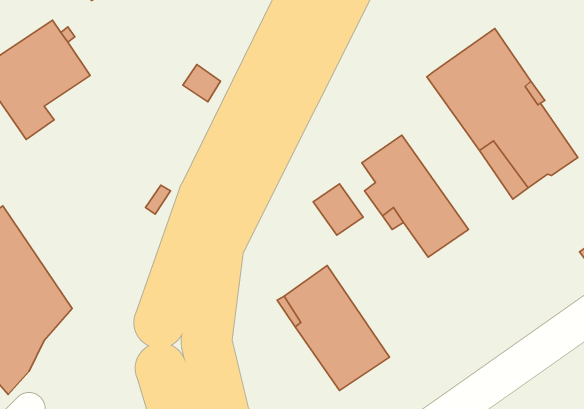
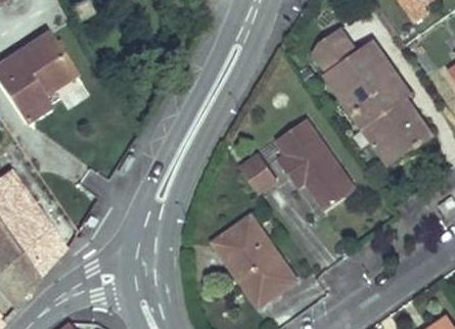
building: none -> [313,29,356,70]

